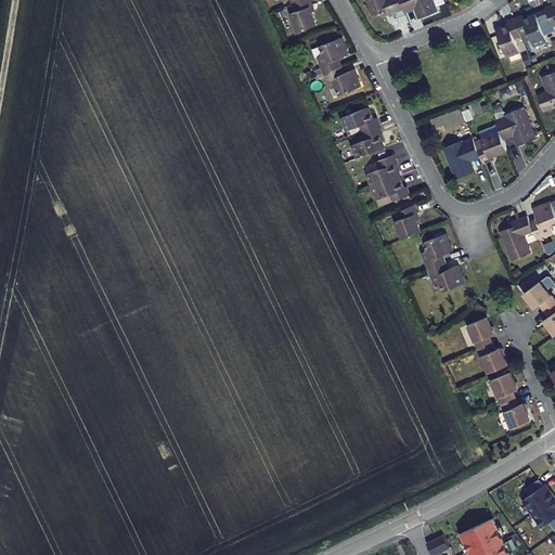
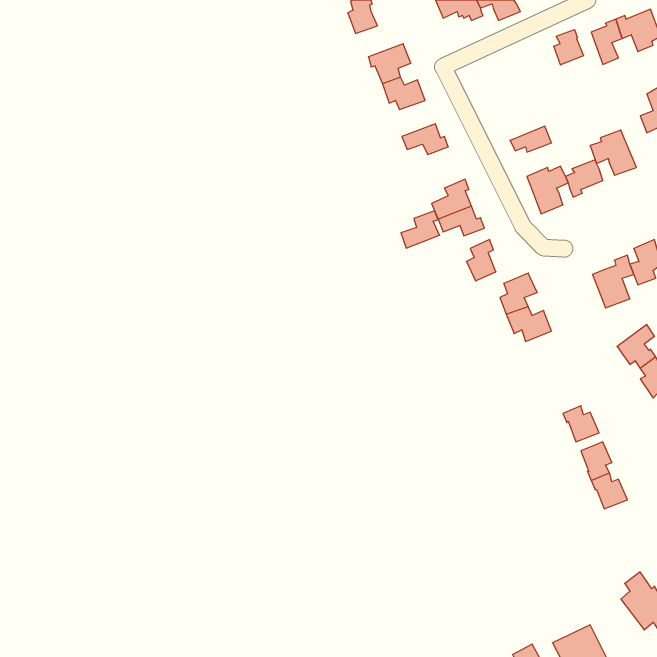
building: none -> [554,30,583,65]
building: [350,125,383,156] -> [401,211,440,248]
building: [466,317,492,349] -> none

